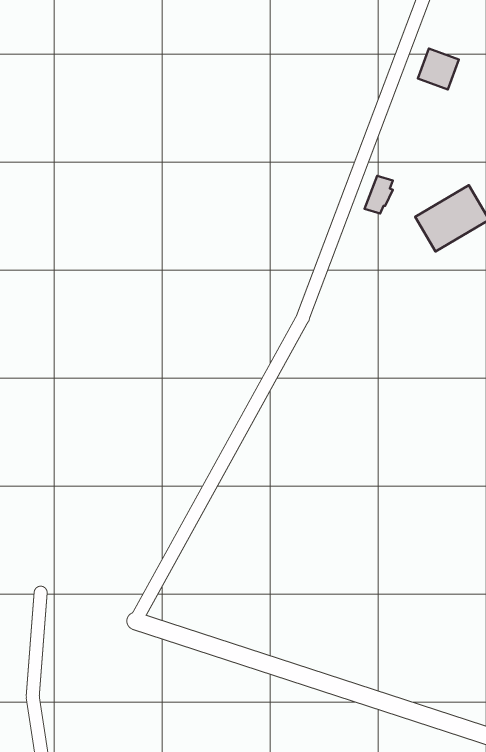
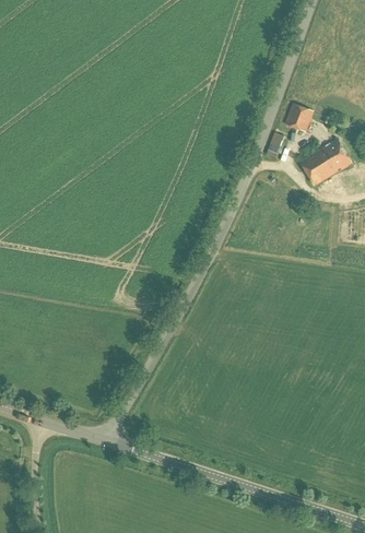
building: [418,48,459,89] -> [285,103,314,131]

